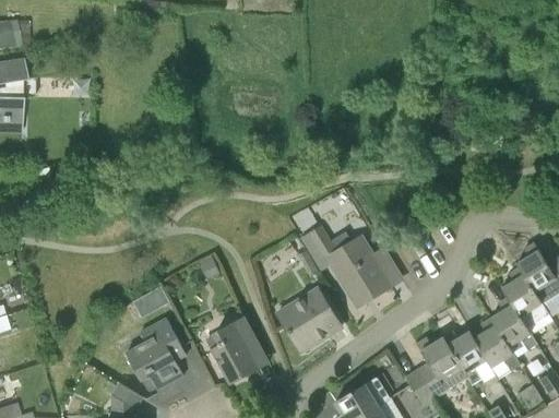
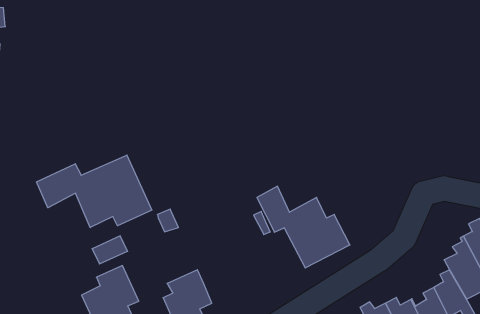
building: none -> [36,155,152,228]
building: [275,287,336,351] -> none

